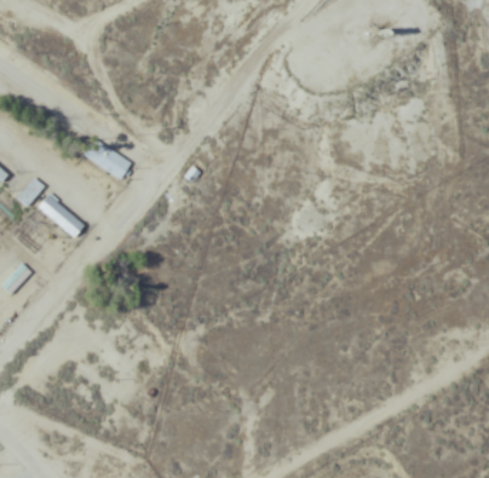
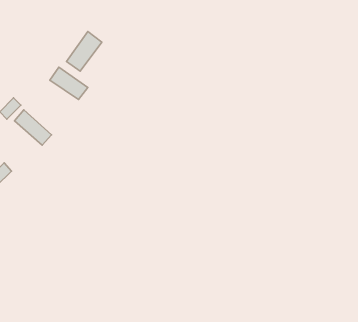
building: none -> [67,32,102,71]

